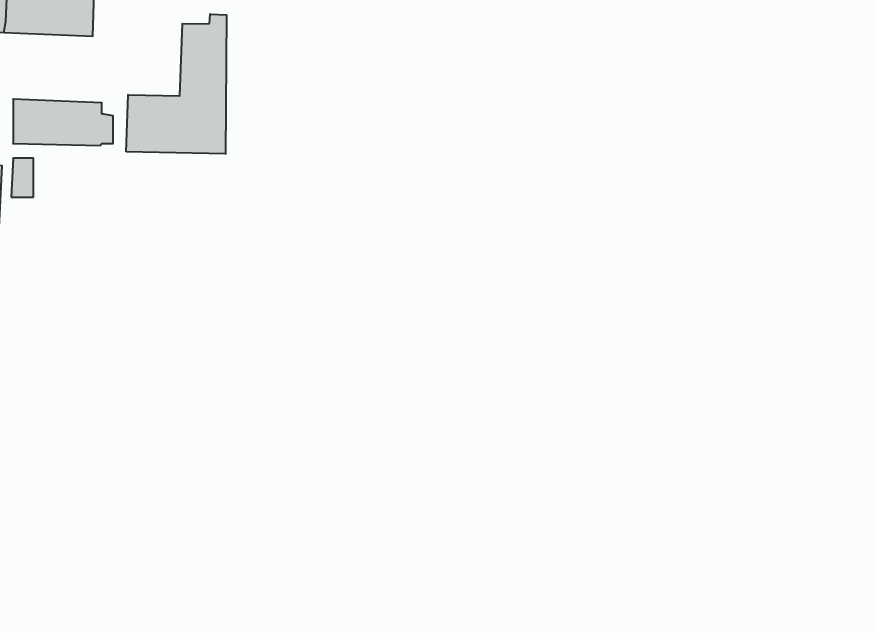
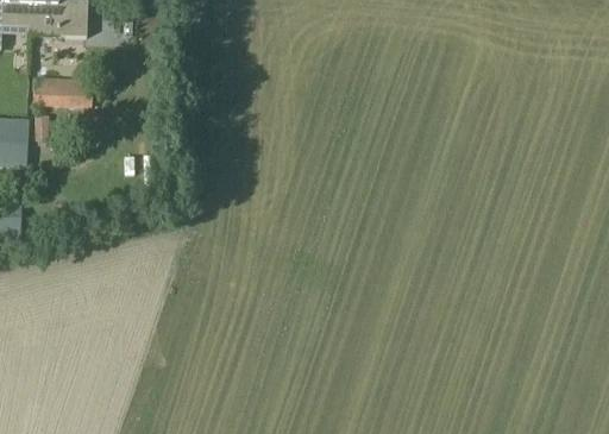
building: [126,14,227,154] -> none

